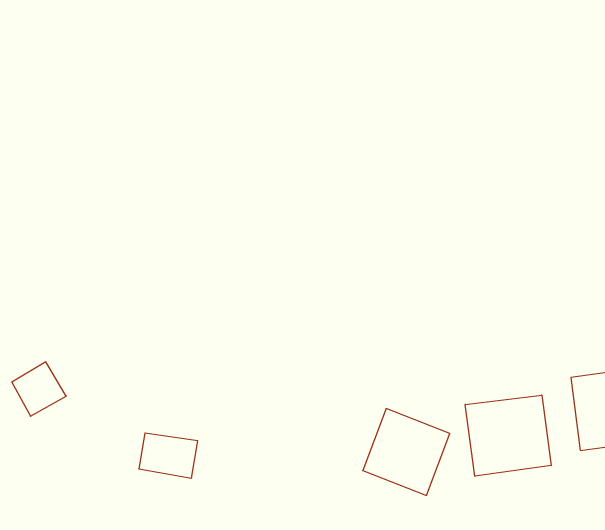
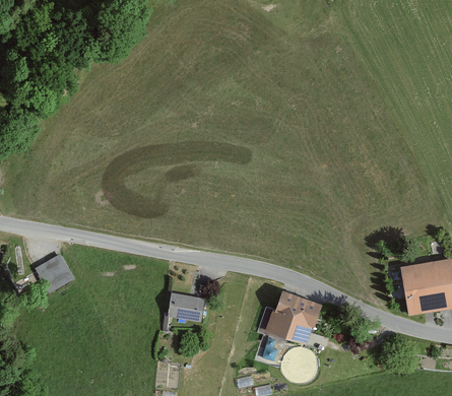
building: [465,395,551,476] -> none
building: [139,433,198,478] -> [165,291,203,321]

